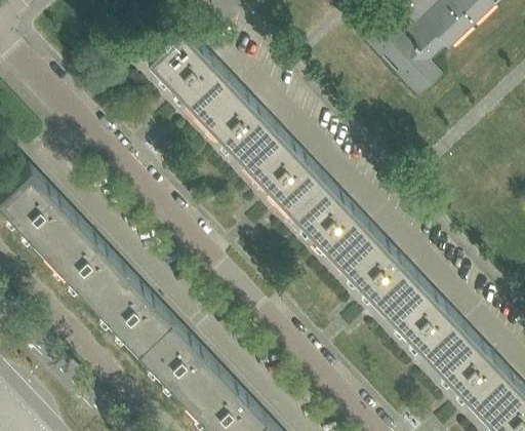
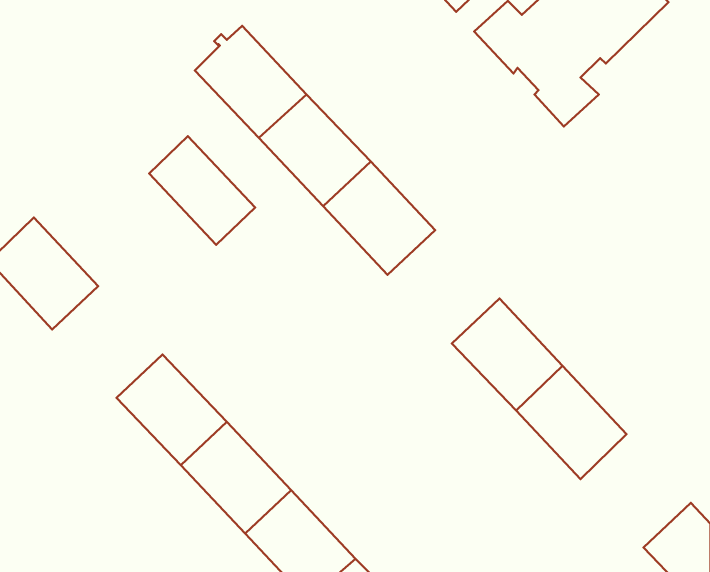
building: none -> [149,136,255,245]
building: [286,175,368,259] -> none
building: [40,217,121,299] -> none
building: [428,325,509,408] -> none

